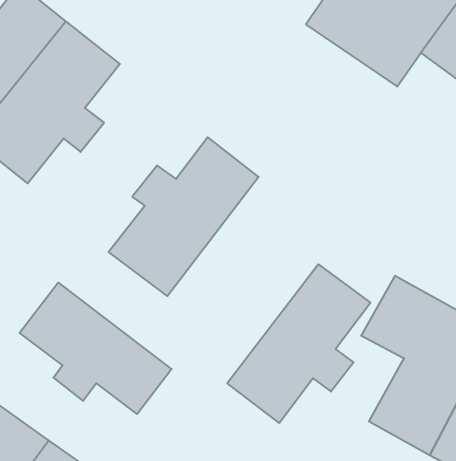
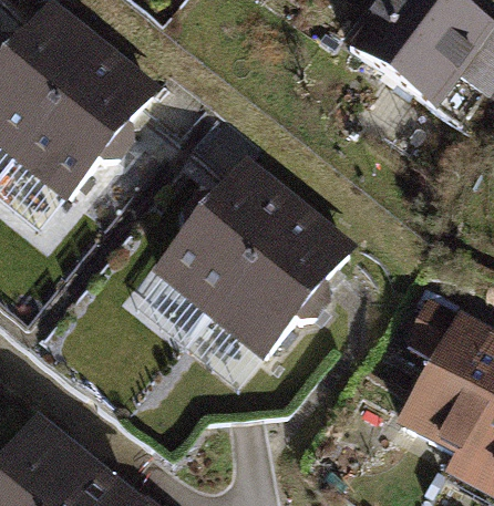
building: [227,264,370,423] -> [205,197,346,353]
building: [20,283,172,414] -> none

